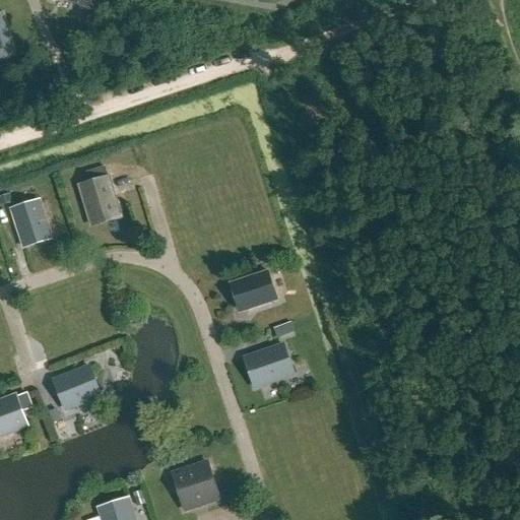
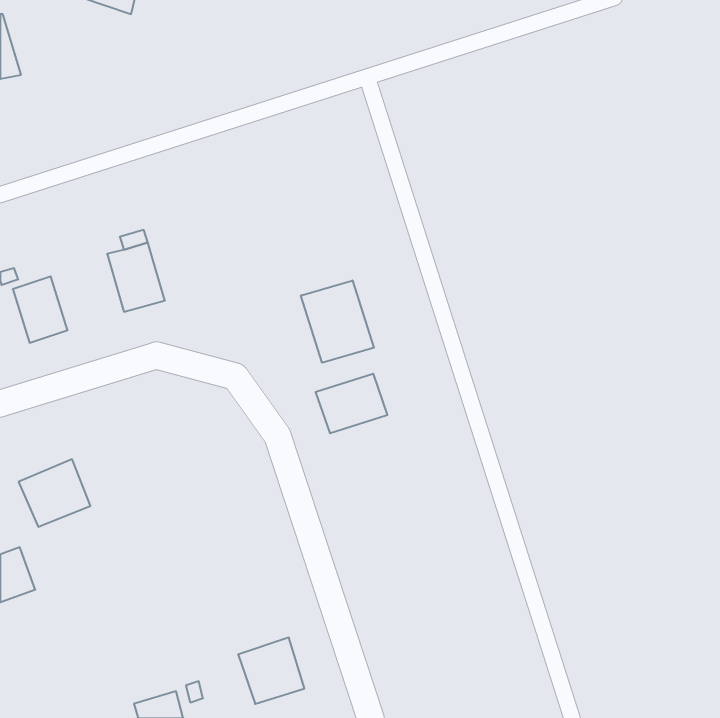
building: none -> [301,280,374,363]
building: [244,341,296,389] -> none
building: [52,363,104,411] -> [19,459,90,527]

